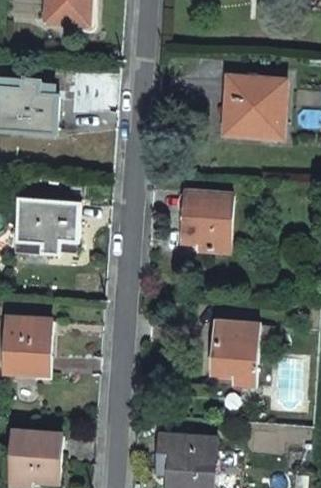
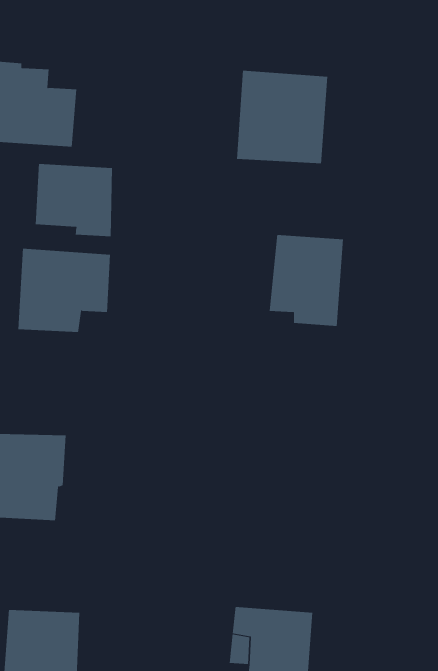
building: [224,73,284,134] -> [236,70,328,164]
building: none -> [35,163,113,237]
building: [216,319,261,382] -> none

